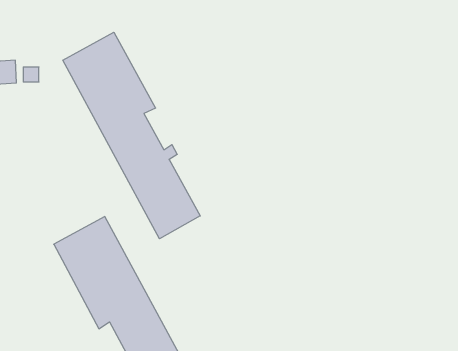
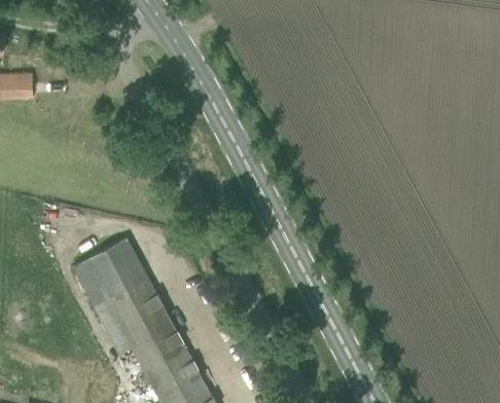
building: [63,32,200,239] -> none

